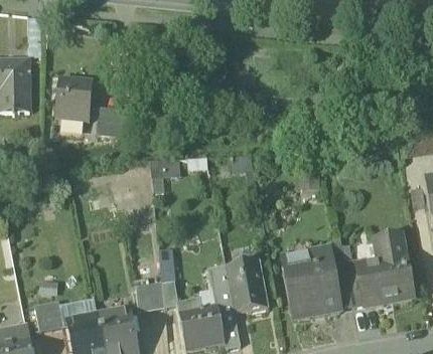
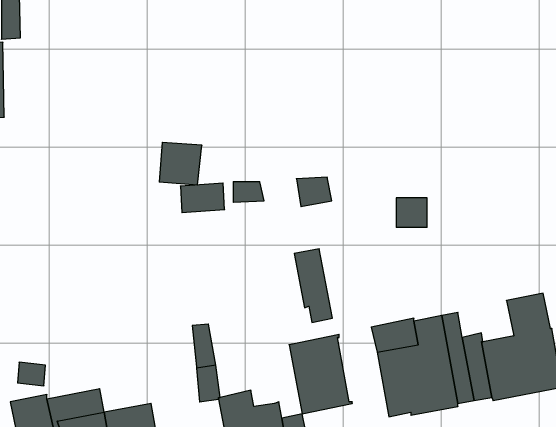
building: [54,76,93,120] -> none
building: [98,106,127,135] -> [159,142,202,185]
building: [207,266,234,316] -> [294,249,332,322]
building: [135,281,163,310] -> none

